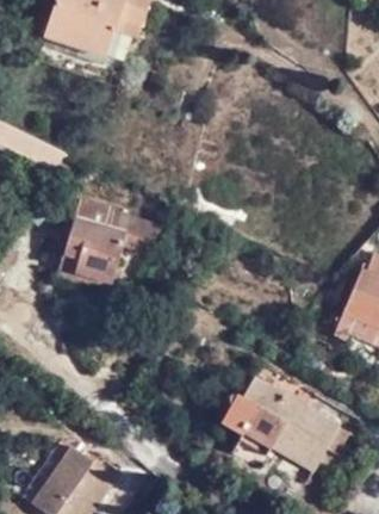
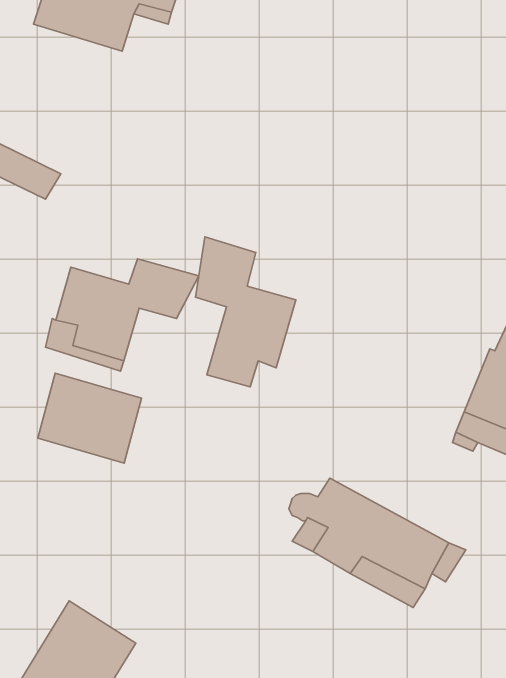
building: none -> [195,237,296,387]
building: none -> [38,373,141,463]

